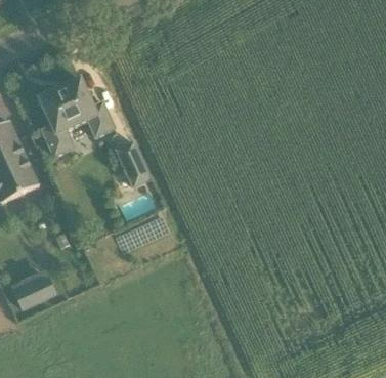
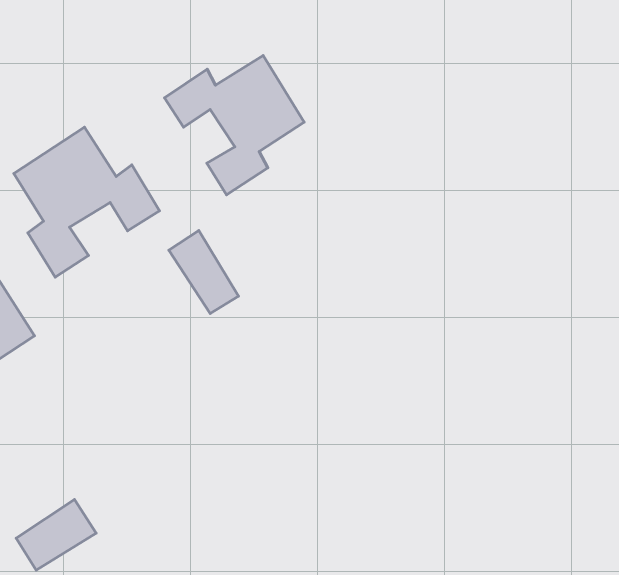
building: none -> [165,55,304,195]

